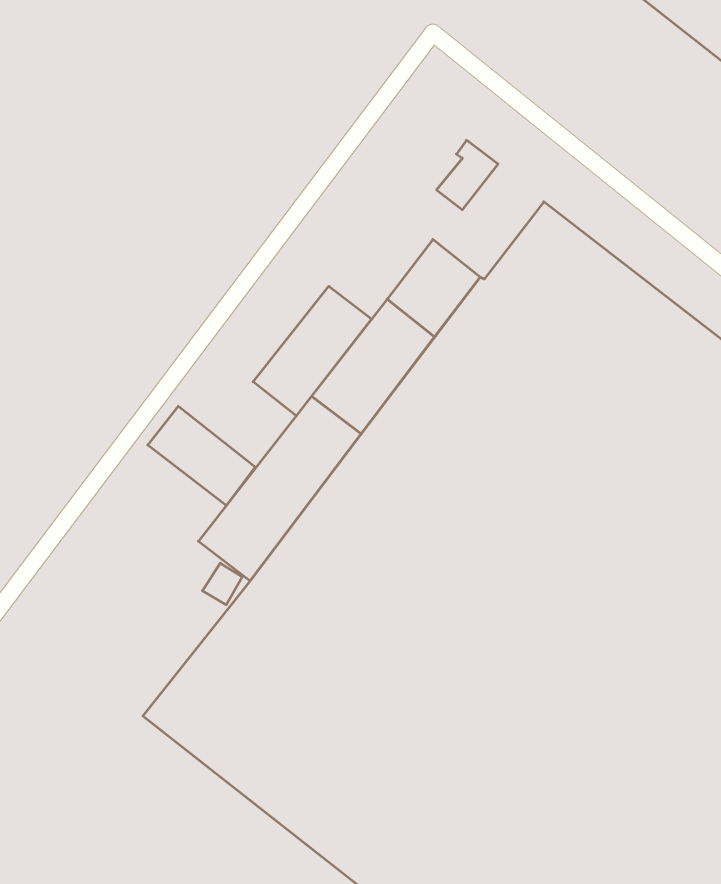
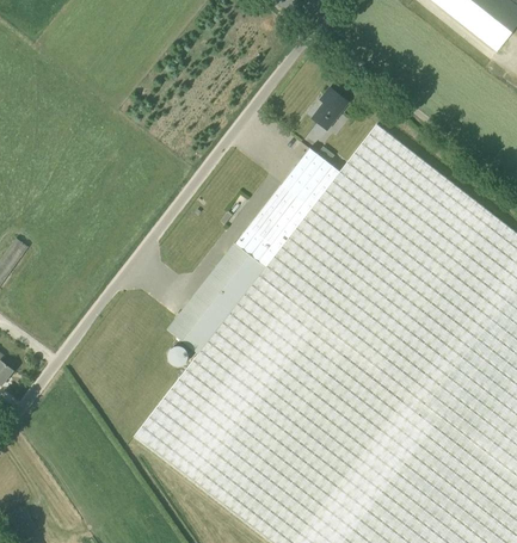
building: [253,286,372,416] -> none
building: [148,406,255,506] -> none

